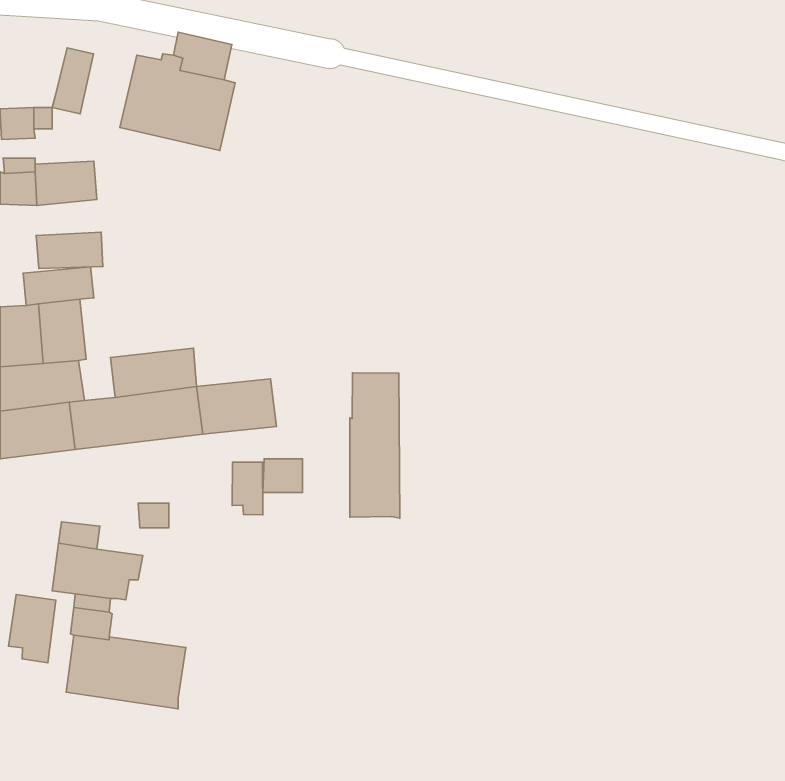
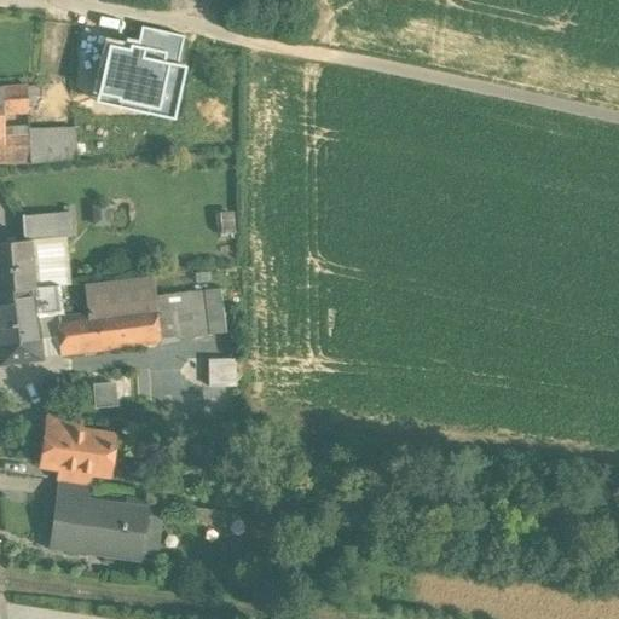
building: [52,48,94,114] -> none
building: [36,232,103,269] -> none
building: [350,373,400,518] -> none
building: [232,462,263,515] -> none
building: [8,595,56,663] -> none

